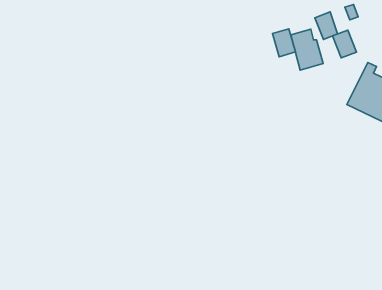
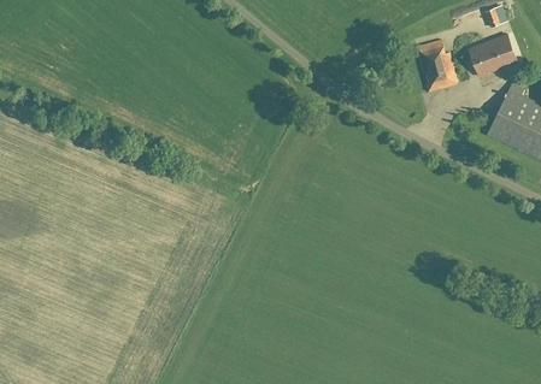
building: [315,12,338,40] -> [488,34,517,69]
building: [273,29,295,57] -> none

